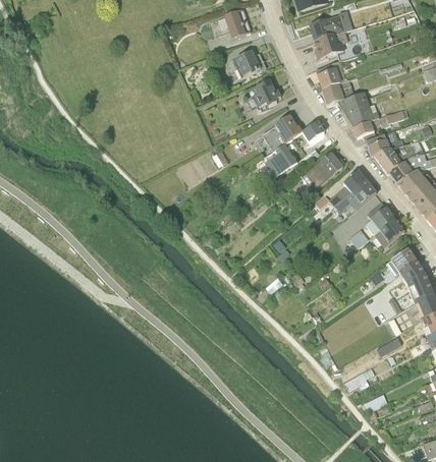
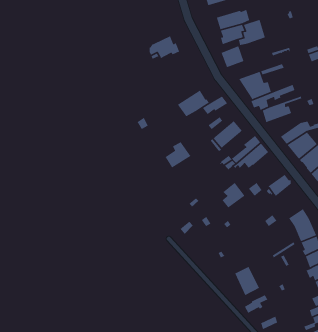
building: [223,8,250,38] -> none
building: [242,78,280,110] -> none
building: [321,78,353,104] -> none
building: [373,139,422,173] -> none
building: [264,141,297,175] -> [164,141,192,168]
building: [365,200,394,233] -> [222,182,245,208]
building: [385,247,417,276] -> none
building: none -> [234,266,260,296]

